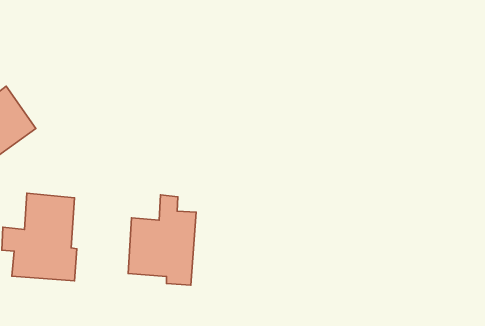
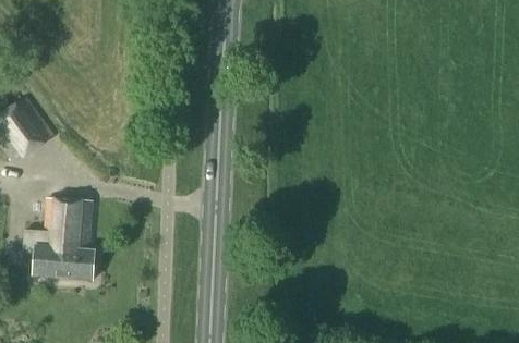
building: [128,195,196,285] -> none

